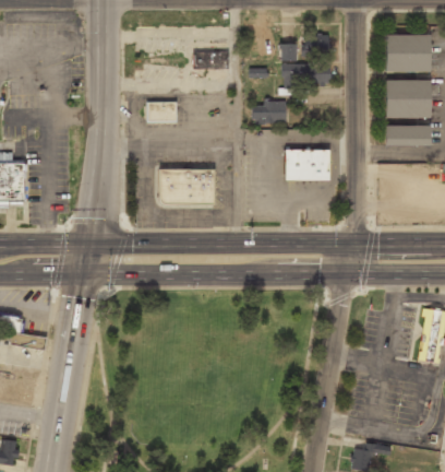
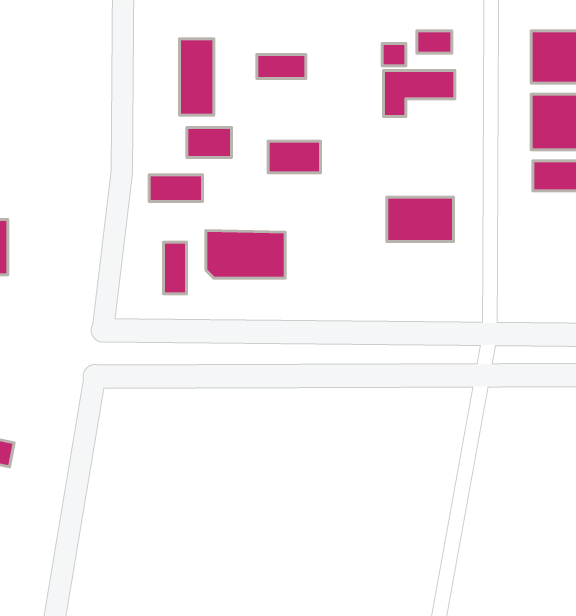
building: none -> [179,39,214,115]
building: [251,102,287,123] -> [268,141,321,173]
building: none -> [149,175,202,202]
building: none -> [164,242,186,294]

